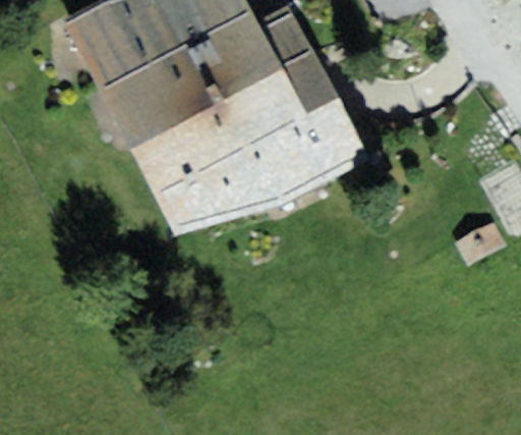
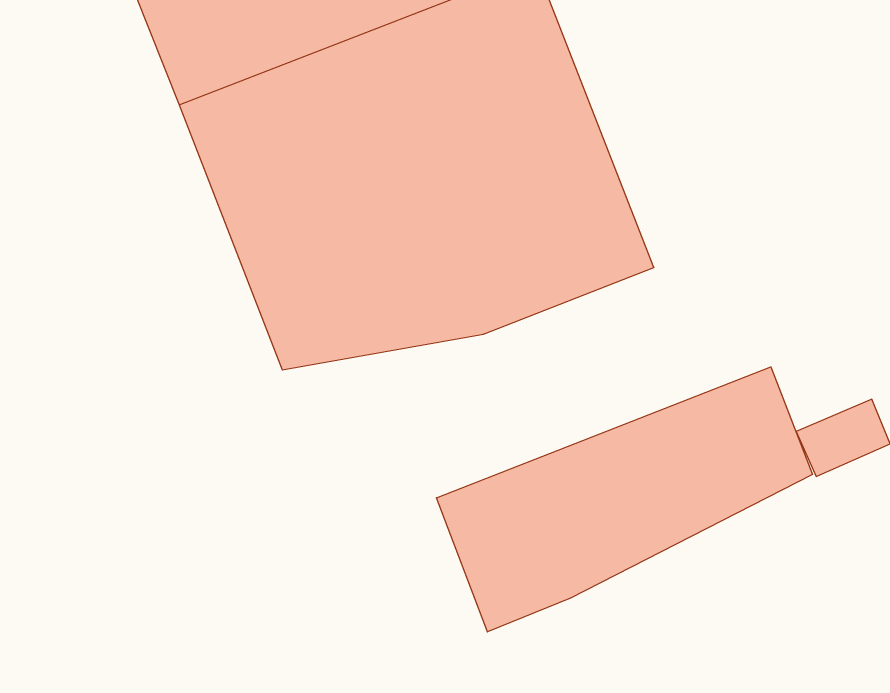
building: none -> [436,367,813,632]

